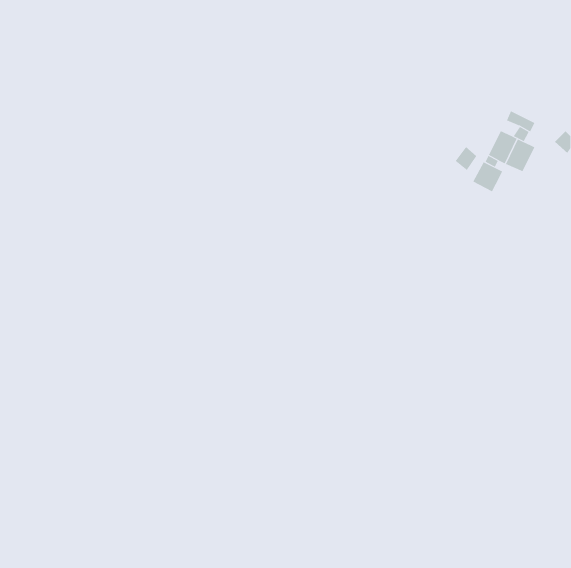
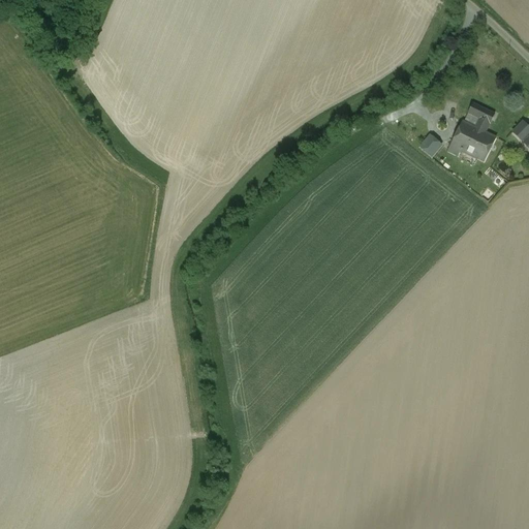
building: [472,162,503,192] -> none

